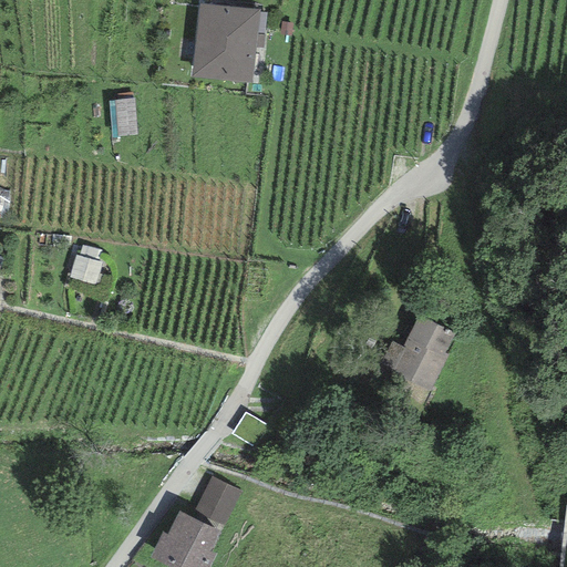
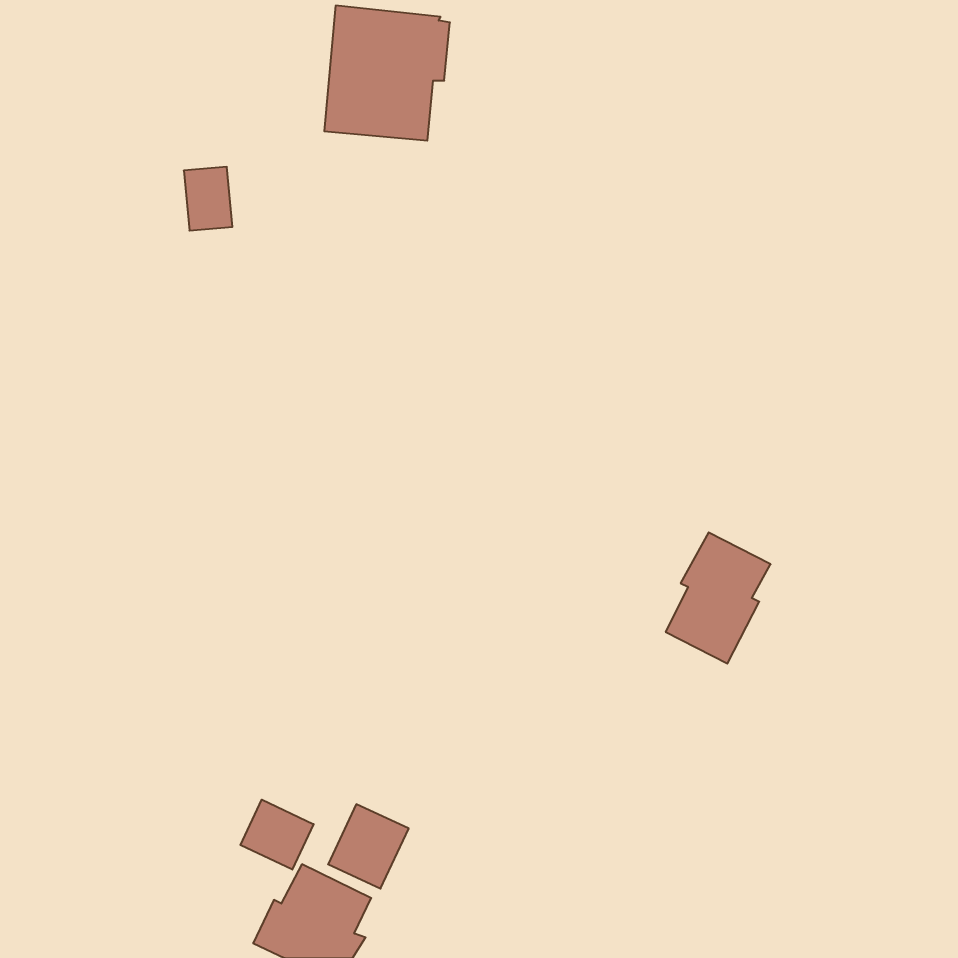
building: [68,245,102,286] -> none
building: none -> [240,800,314,870]

